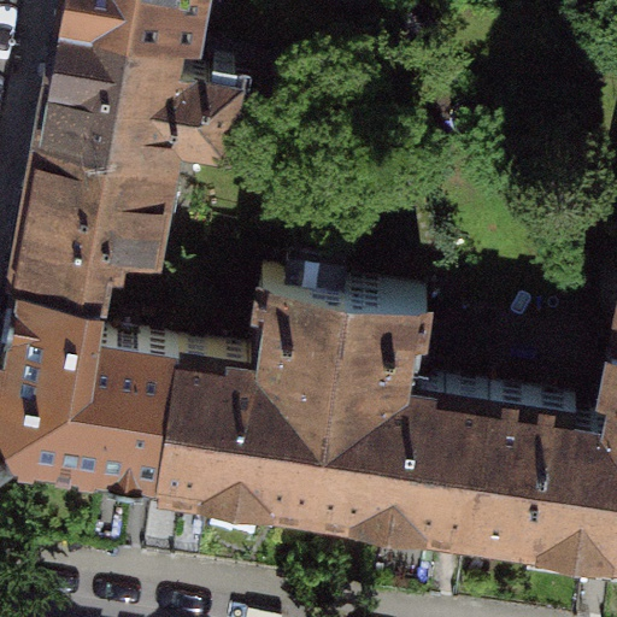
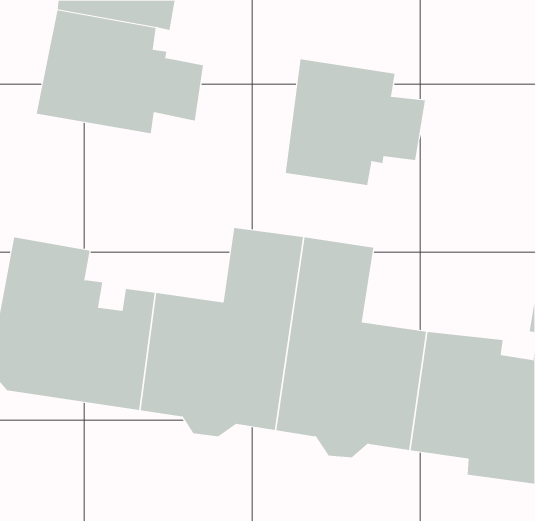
building: none -> [285,58,426,186]
building: [16,149,174,306] -> none

